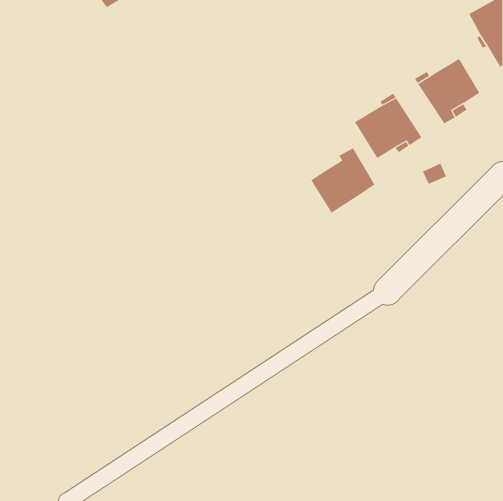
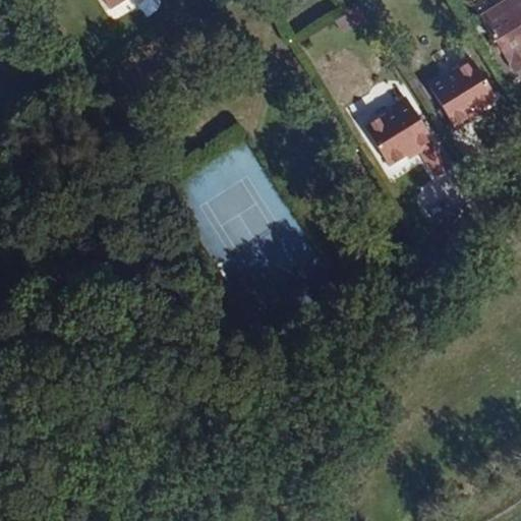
building: [311,147,375,213] -> none

